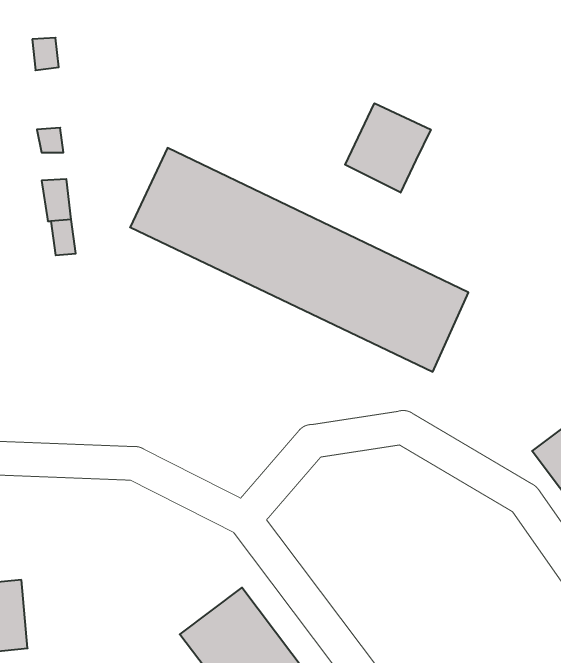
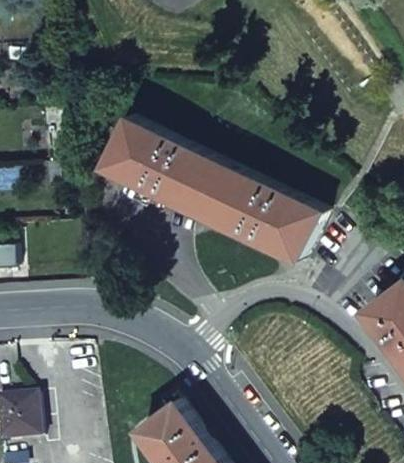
building: [345,103,431,193] -> none

